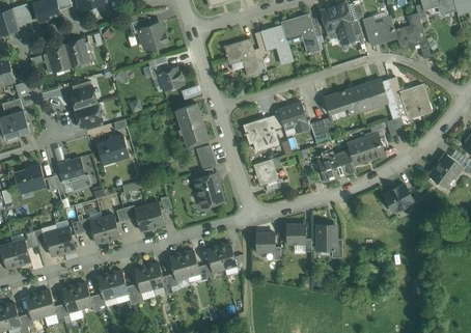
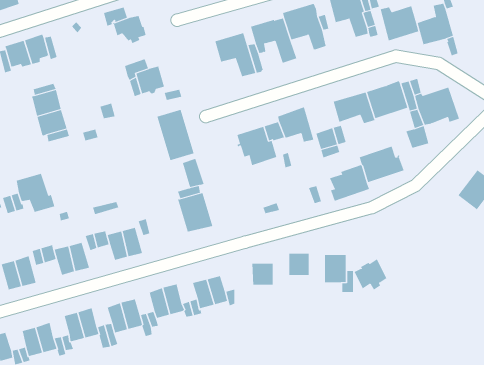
building: [96,135,129,164] -> none
building: [252,159,278,185] -> none
building: [384,184,412,211] -> [354,258,387,290]

